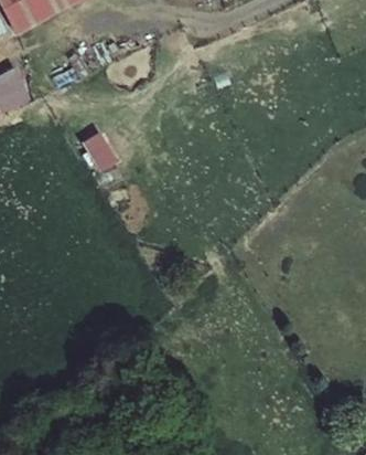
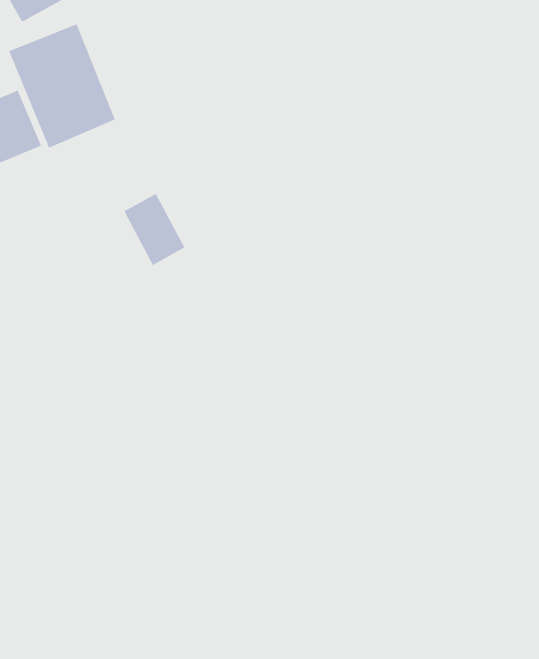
building: none -> [9,23,115,149]

